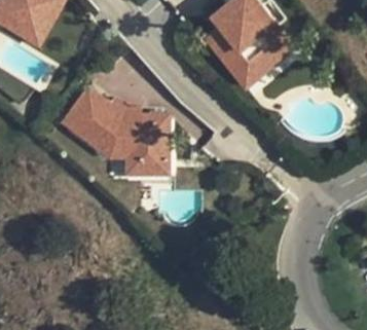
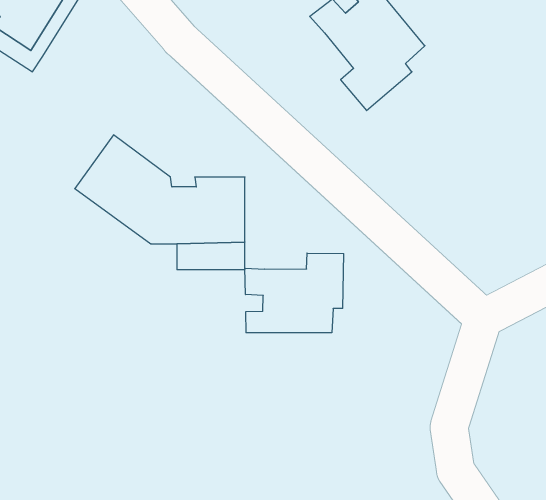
building: [207,24,295,84] -> none
building: none -> [245,253,344,333]

